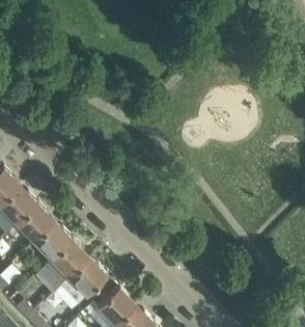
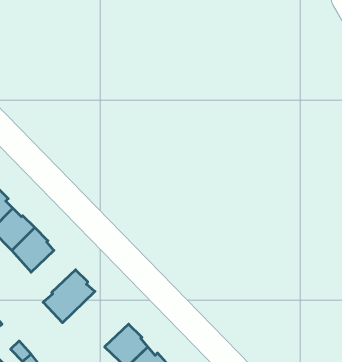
building: [33,222,72,258] -> none
building: [60,257,107,302] -> none

